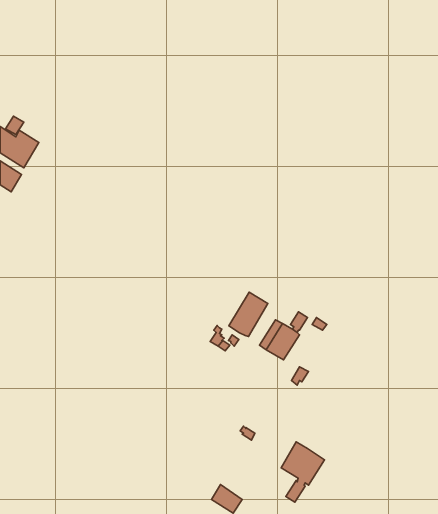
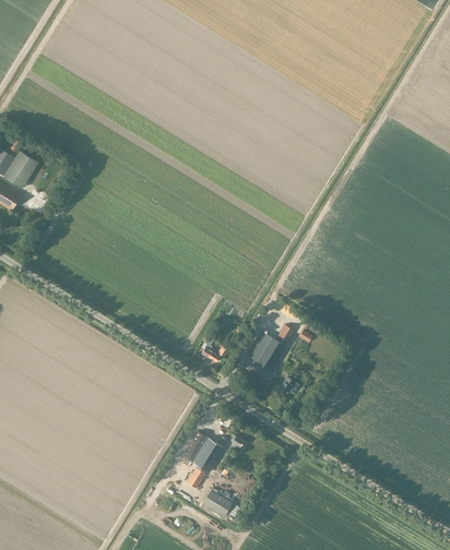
building: [229,292,268,337] -> none
building: [281,442,325,502] -> [182,431,224,489]

